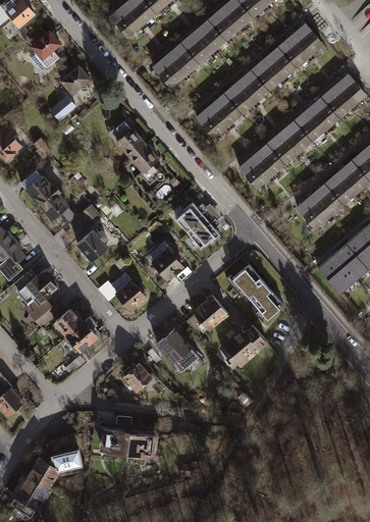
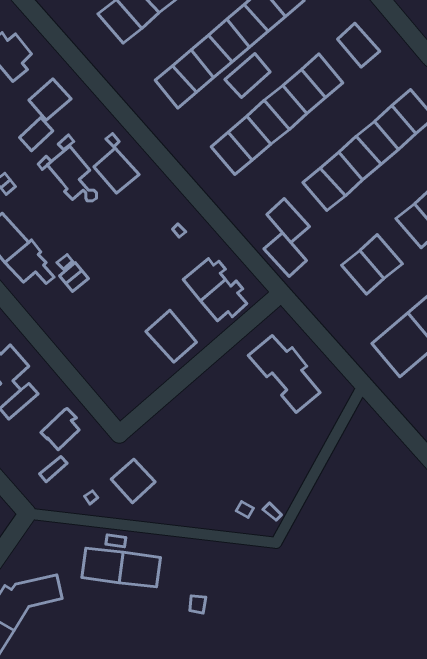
building: [278,35,311,68] -> none
building: none -> [225,54,270,98]
building: [123,139,161,180] -> [47,146,96,201]
building: [252,145,284,178] -> [264,233,306,277]
building: [323,172,357,207] -> none
building: [71,231,103,262] -> none
building: [110,272,147,311] -> none
building: [191,291,229,328] -> none
building: [53,306,84,335] -> none
building: [217,320,265,363] -> none
building: [156,323,199,369] -> none

